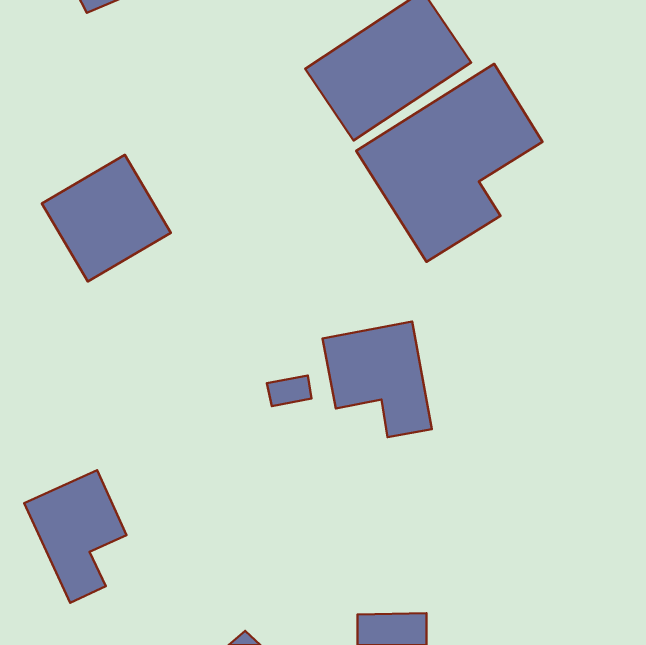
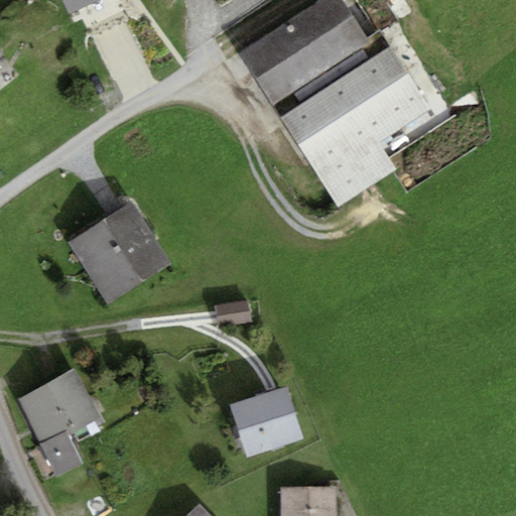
building: [42,155,171,281] -> [68,201,169,300]
building: [323,322,432,437] -> none
building: none -> [229,385,301,452]

